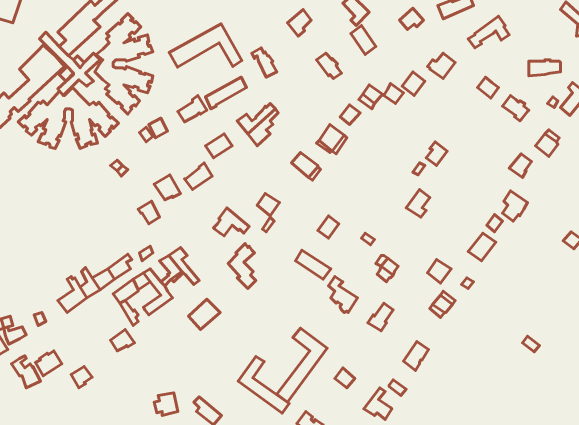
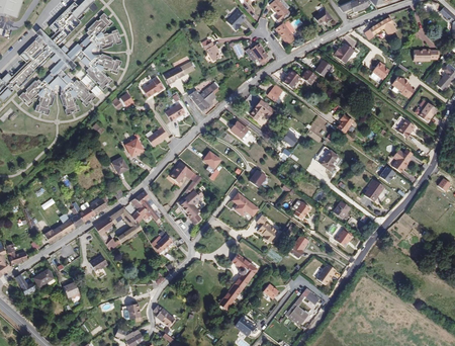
building: [169,24,242,67] -> none
building: [238,357,289,413] -> none

